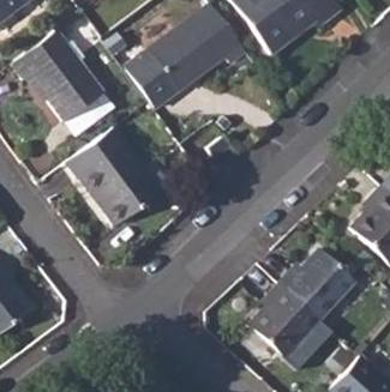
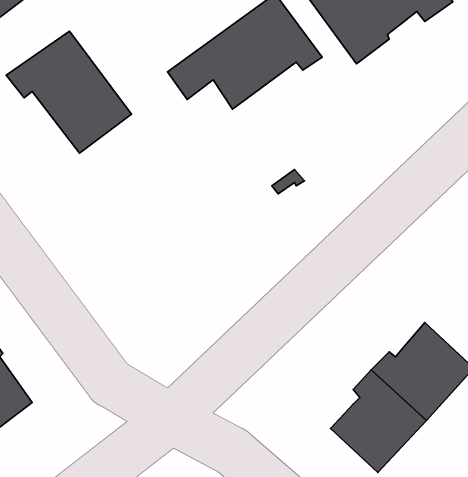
building: [68,125,163,225] -> none

